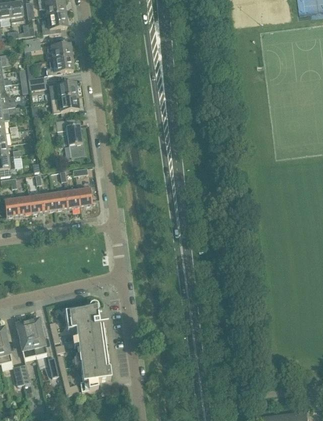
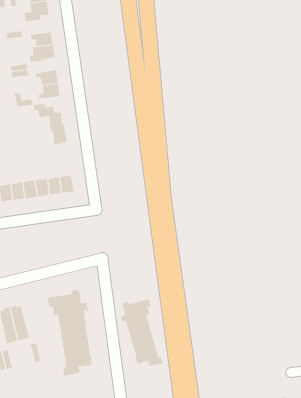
building: none -> [120,298,163,366]

